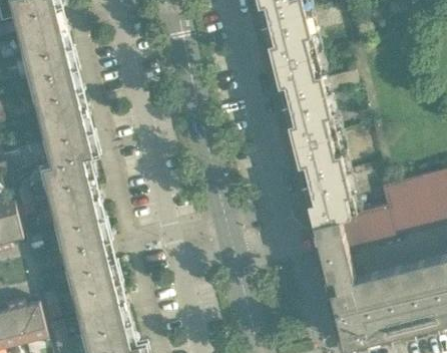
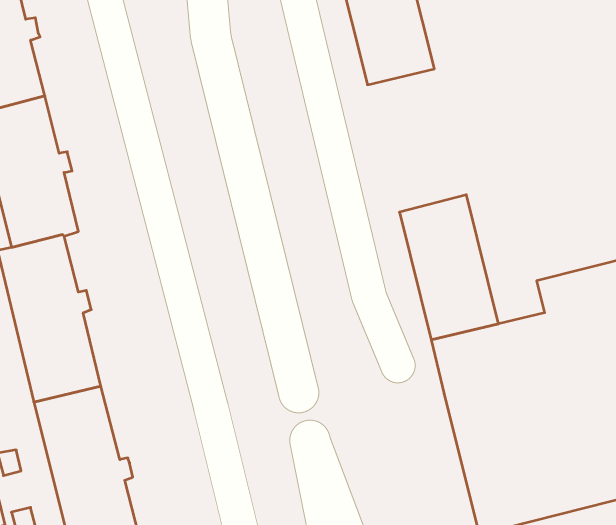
building: [274,53,357,143] -> none

